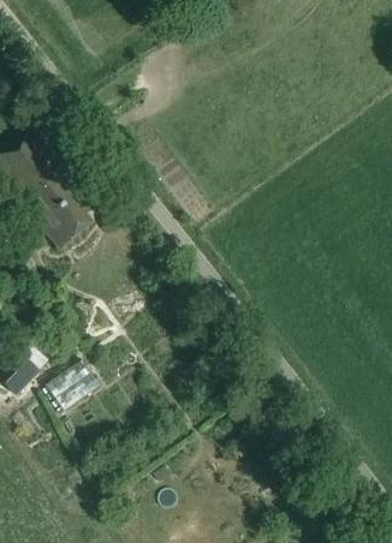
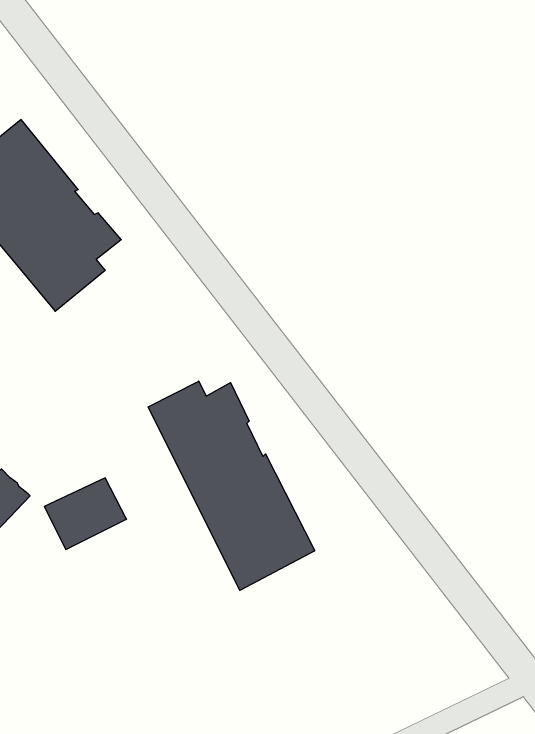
building: none -> [148,381,315,590]

